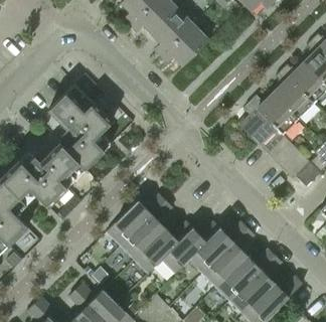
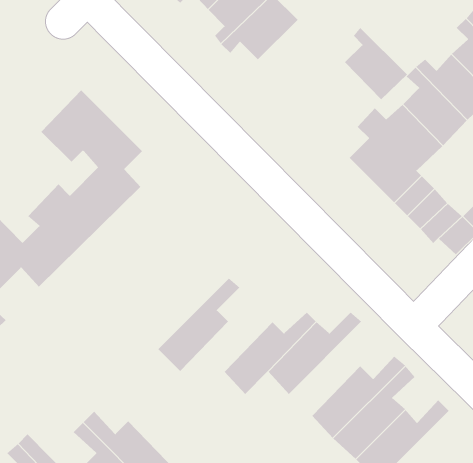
building: none -> [344,27,408,100]
building: [107,194,165,245] -> none
building: [135,221,192,273] -> none
building: [202,227,254,286] -> none

